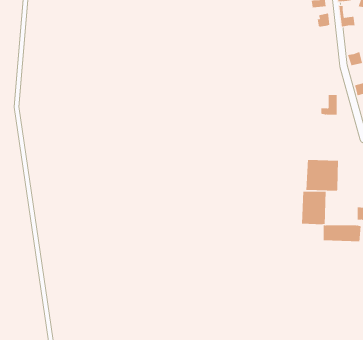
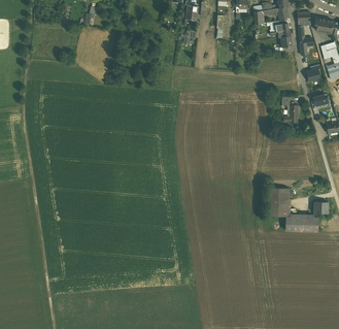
building: [306,159,338,192] -> none

